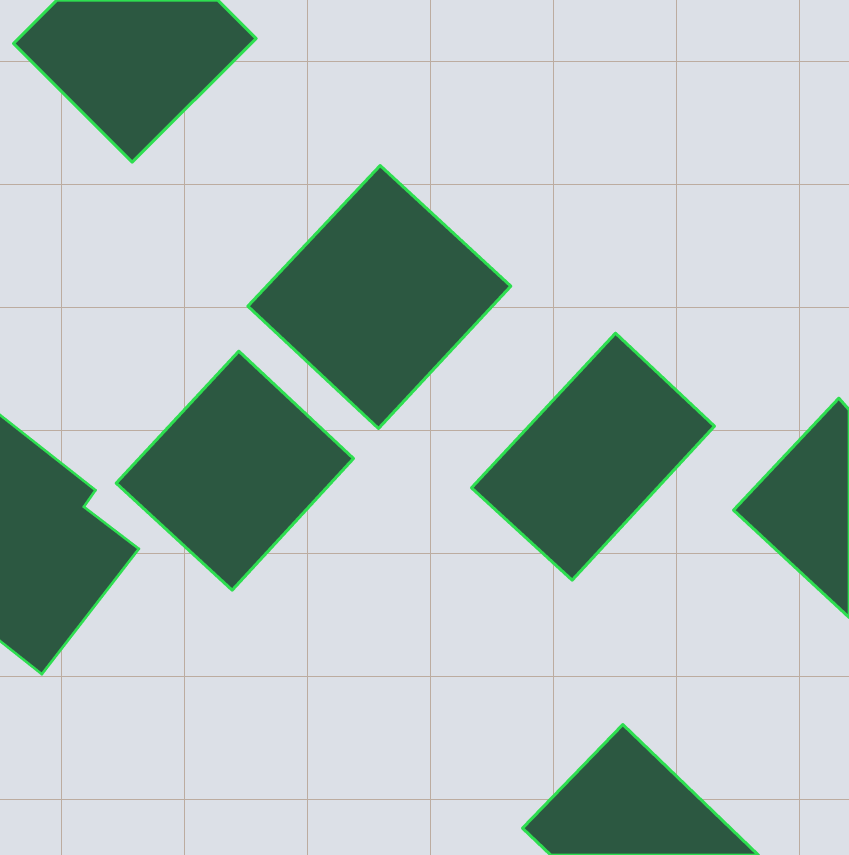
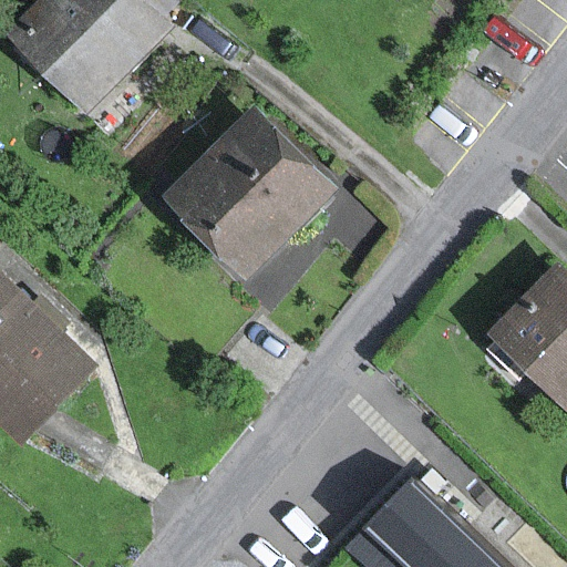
building: [472,333,714,580] -> none
building: [116,351,353,590] -> none

